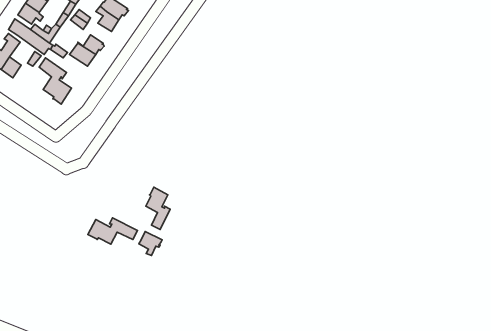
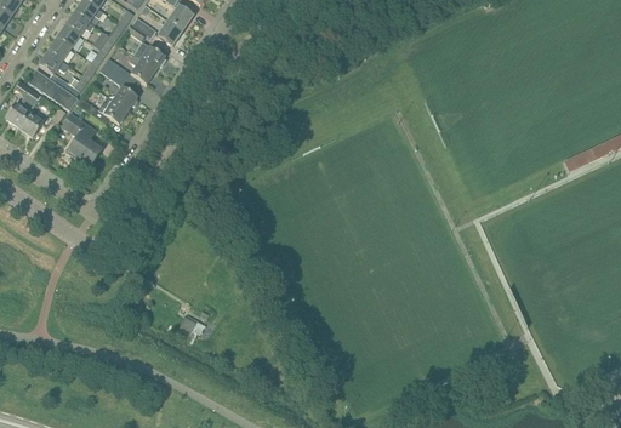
building: [146,187,170,230] -> none
building: [88,218,138,244] -> none

